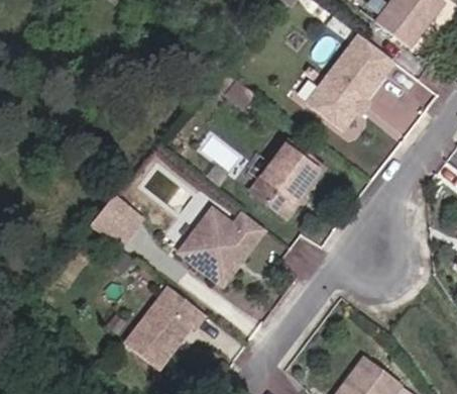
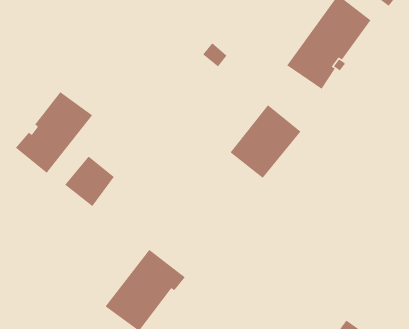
building: none -> [15,91,93,174]
building: [179,209,264,285] -> none

